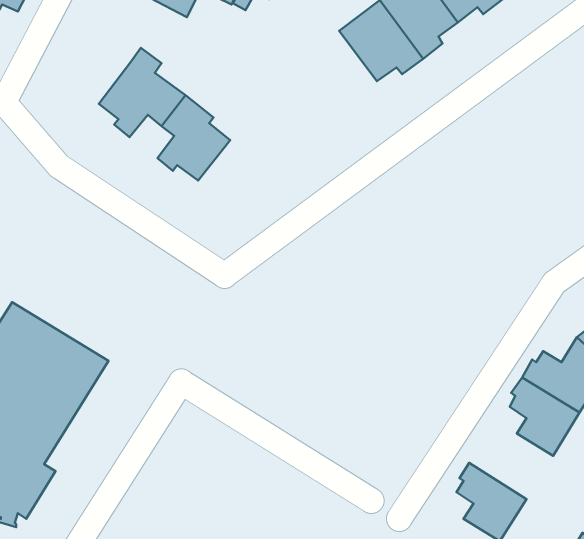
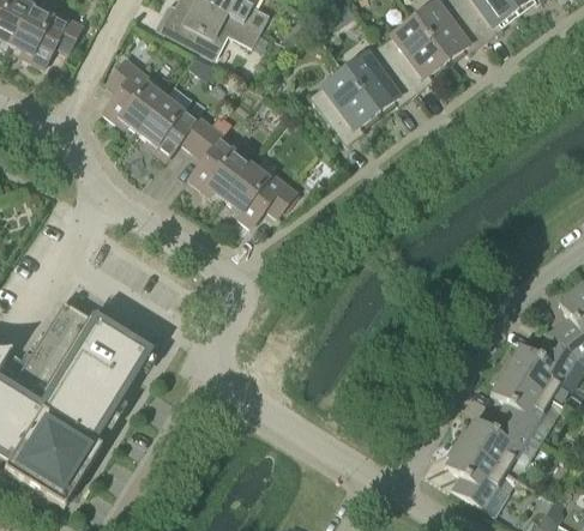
building: none -> [102,58,165,132]
building: none -> [308,70,377,145]
building: none -> [223,163,297,227]
building: none -> [456,415,528,471]

